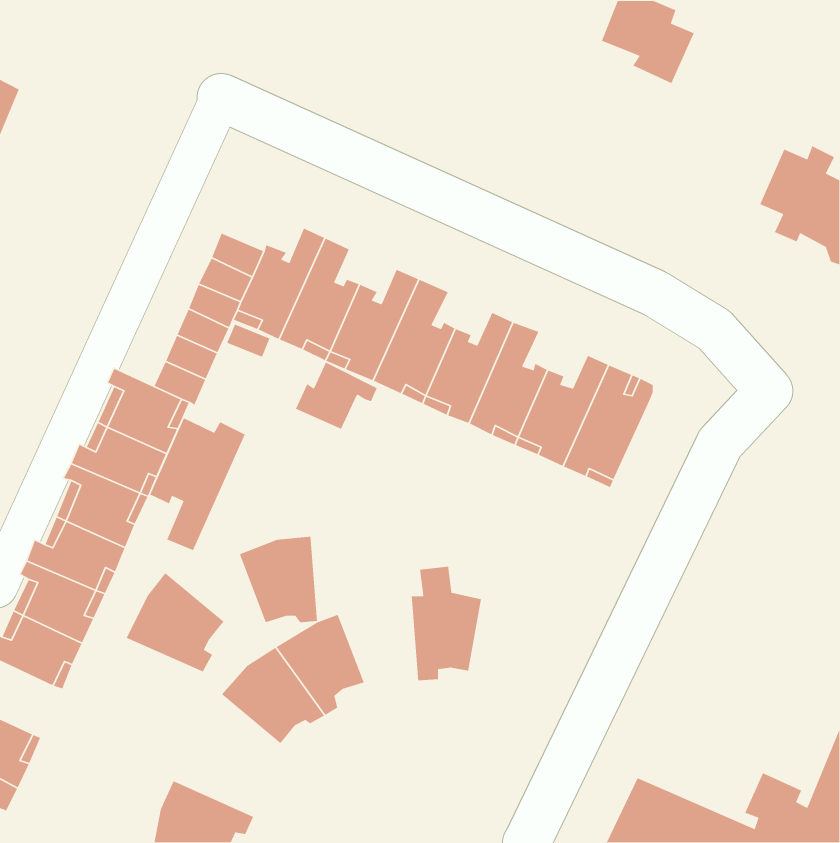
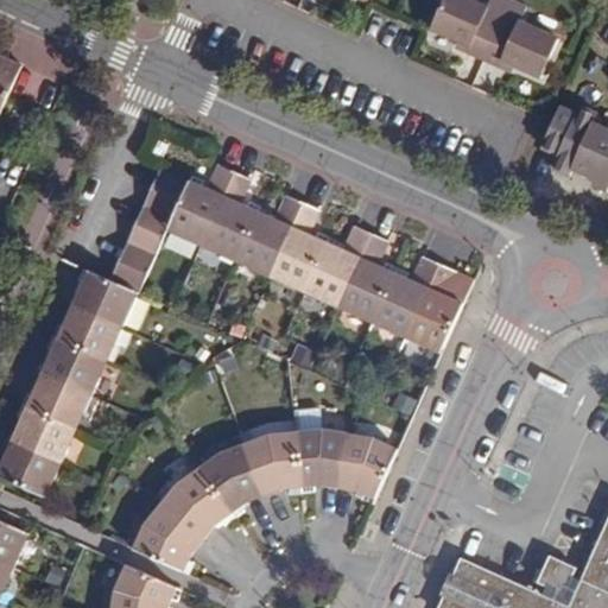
building: none -> [483,23,559,78]
building: [295,361,378,430] -> none
building: [149,417,246,551] -> none
building: [239,536,318,623] -> [243,429,300,492]
building: [126,572,225,673] -> [131,500,202,572]
building: none -> [337,431,398,502]

